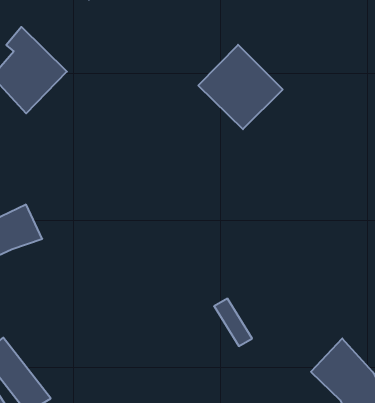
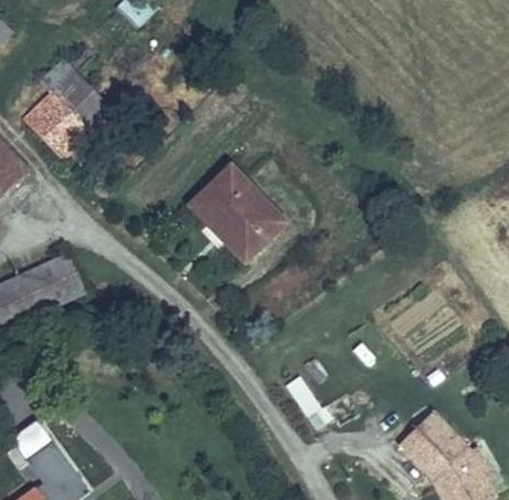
building: [198,45,283,129] -> [179,163,278,261]

